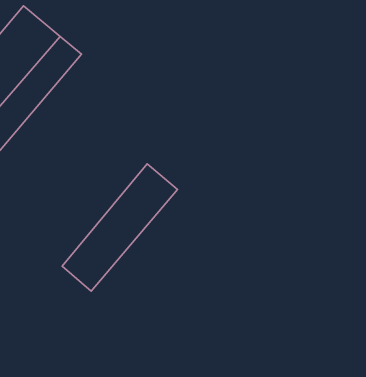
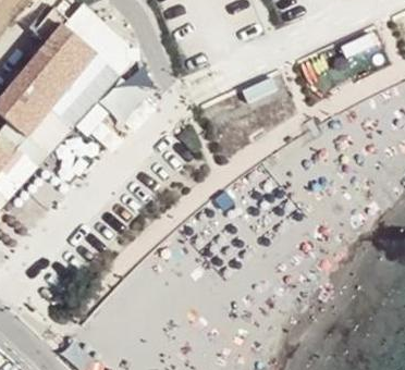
building: [62,164,177,291] -> none

